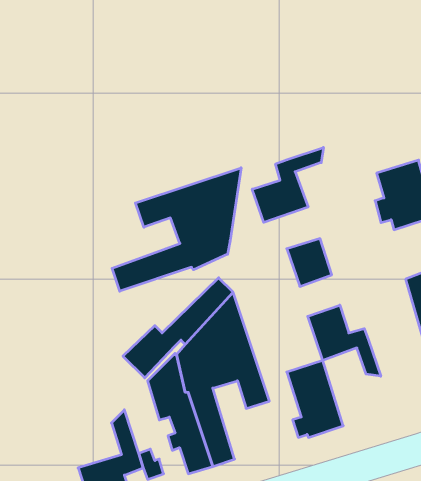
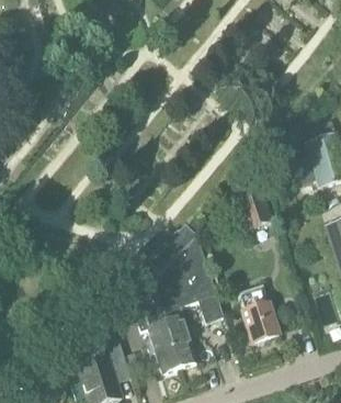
building: [252,147,323,222] -> none
building: [112,168,241,291] -> none
building: [308,305,381,376] -> none

